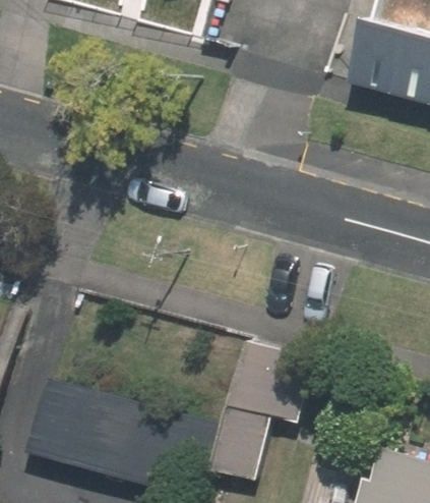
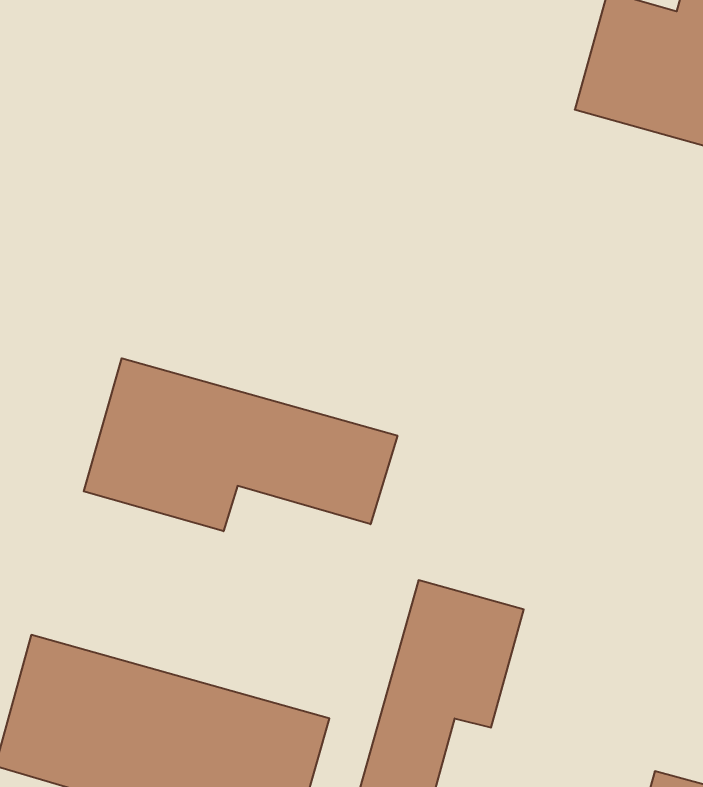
building: none -> [84,358,397,531]

